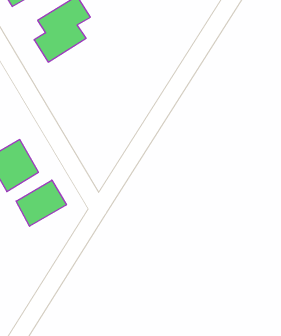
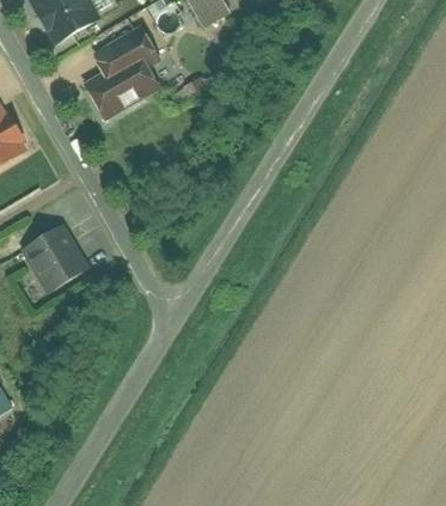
building: [16,180,66,226] -> none

